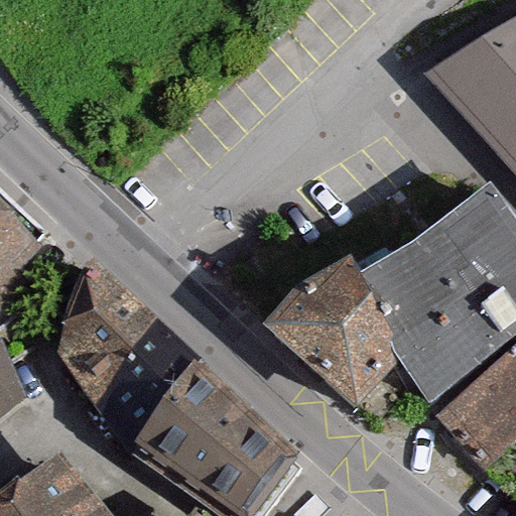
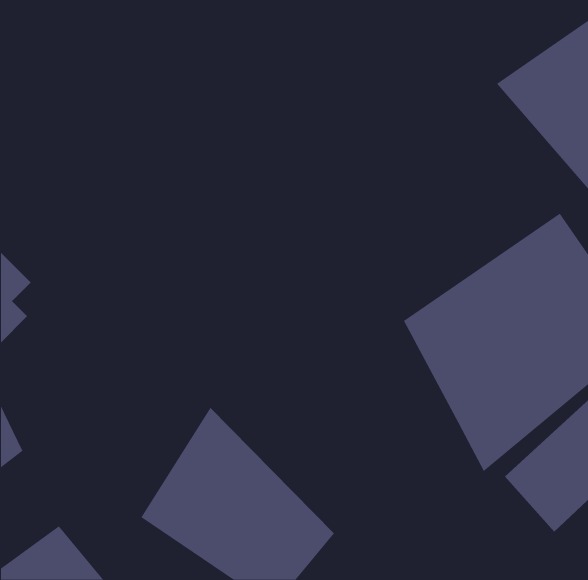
building: [271,258,402,400] -> none
building: [49,262,187,448] -> none

